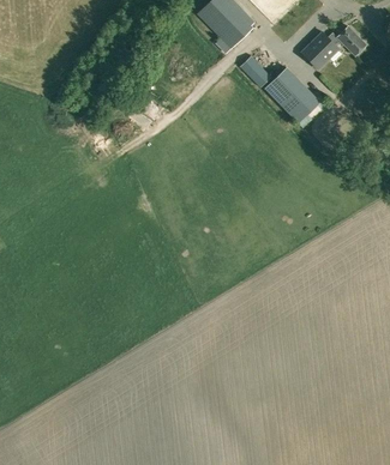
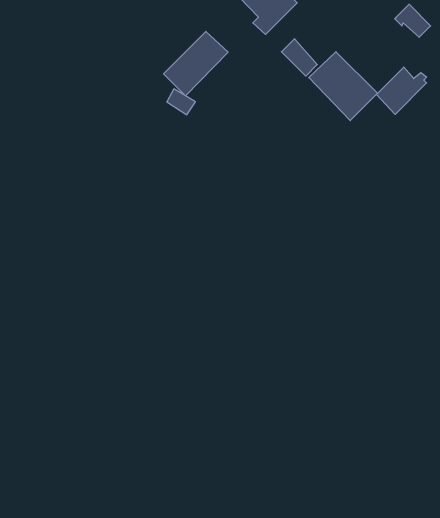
building: [296,29,338,68] -> [376,67,427,114]
building: none -> [164,31,228,96]

